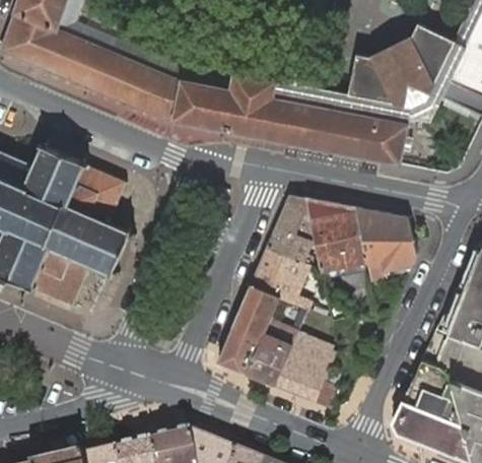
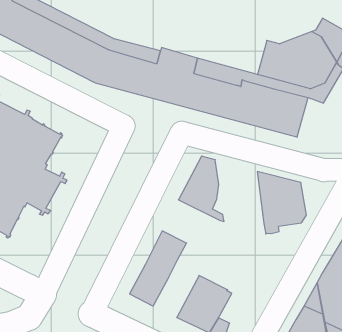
building: [306,198,366,268] -> none
building: [251,248,317,311] -> none
building: [247,318,298,385] -> none

